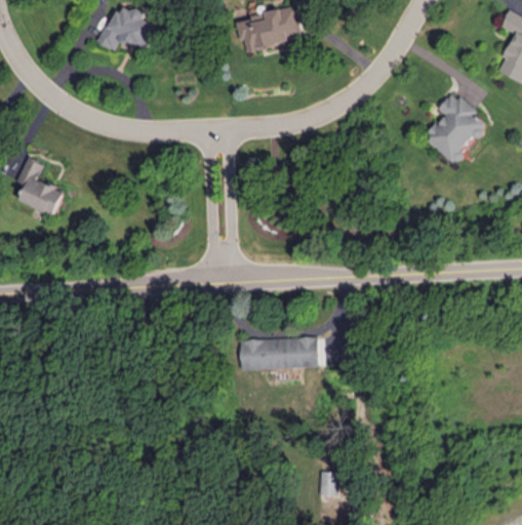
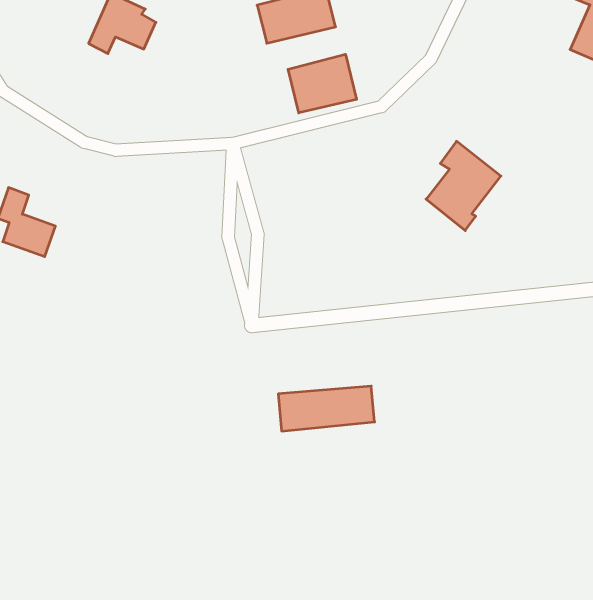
building: none -> [288,54,357,113]
building: [424,91,486,165] -> [426,141,501,231]
building: [318,472,337,495] -> none

